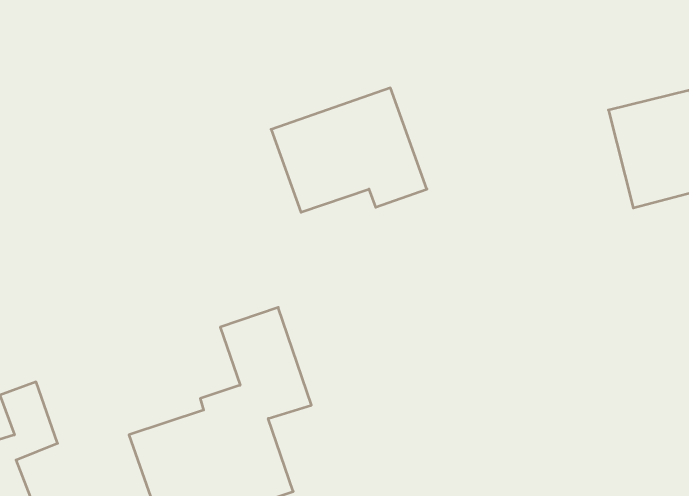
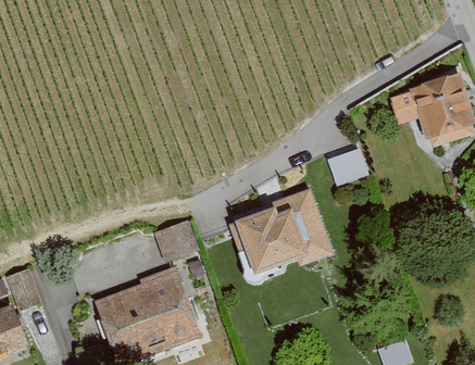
building: [271,88,427,212] -> [228,188,330,269]
building: none -> [328,147,373,186]

